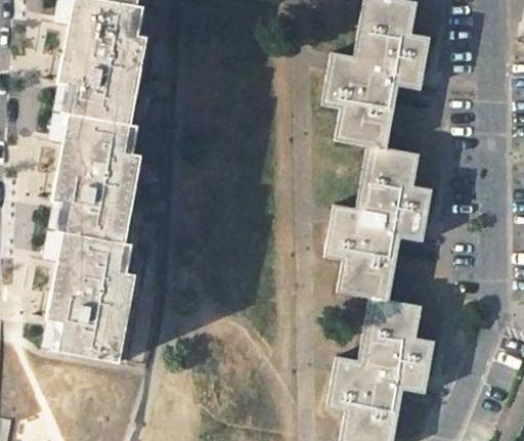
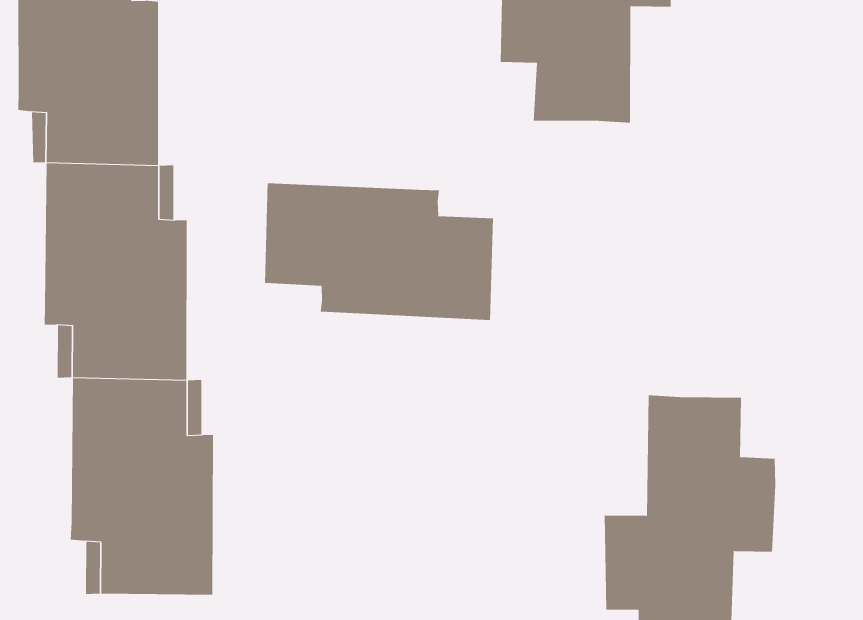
building: [324,143,431,299] -> none
building: none -> [264,182,493,321]

